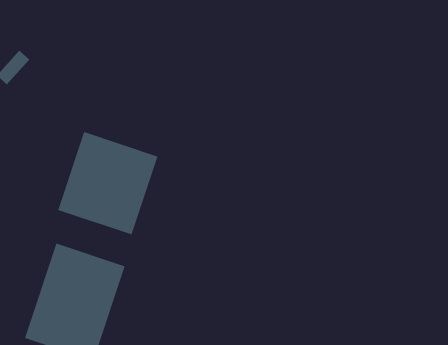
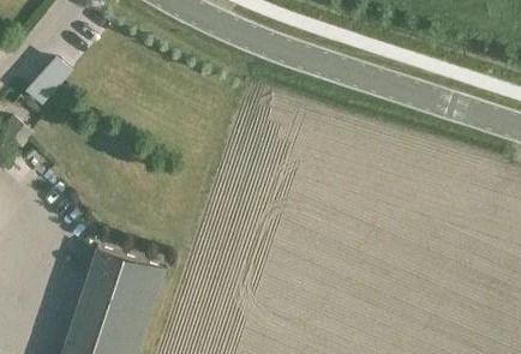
building: [58,131,158,235] -> none

